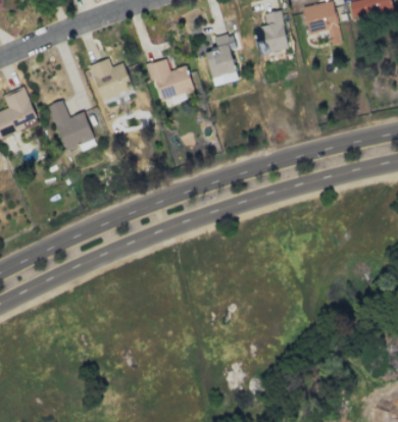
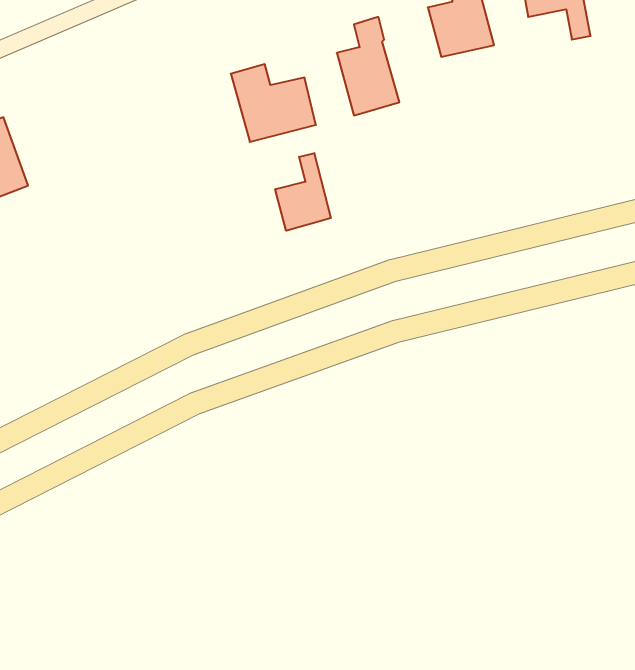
building: [89,57,134,101] -> none
building: [48,99,96,151] -> none
building: none -> [275,153,331,231]

